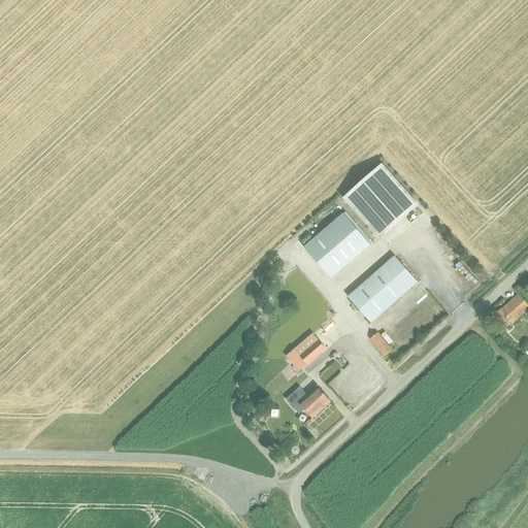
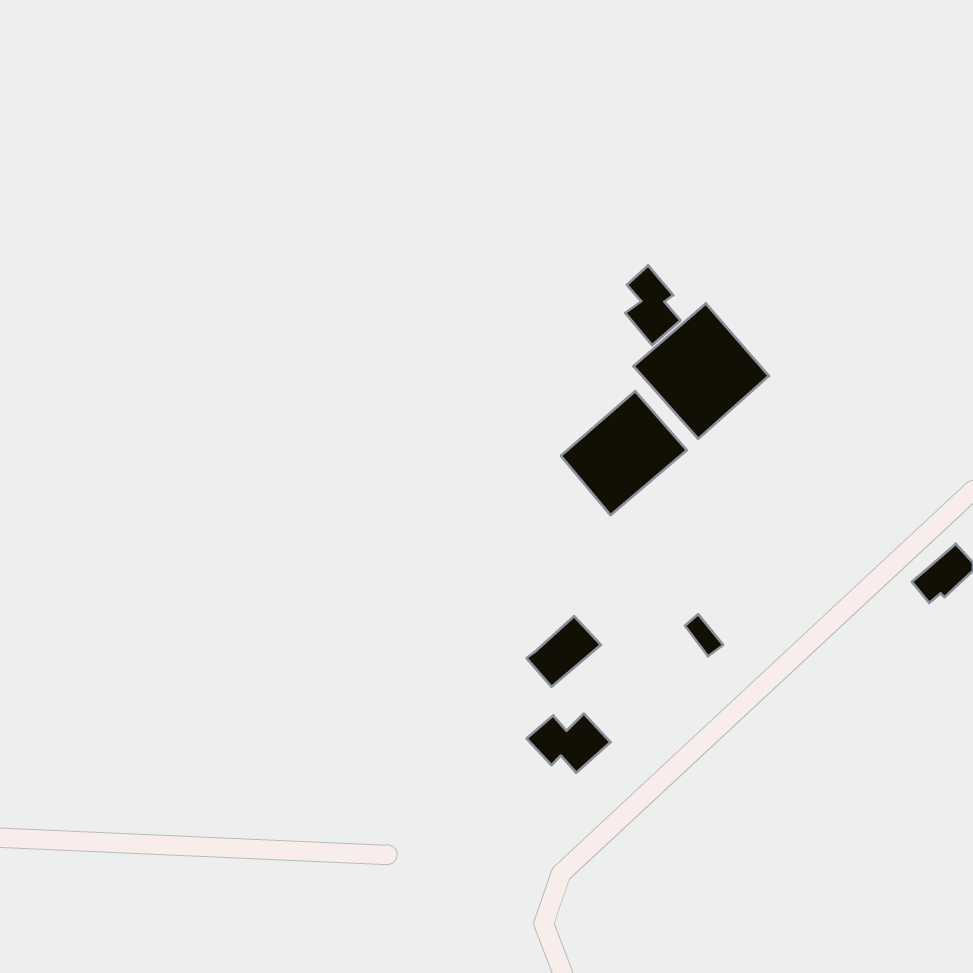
building: none -> [625,265,680,345]
building: [348,255,418,324] -> none

